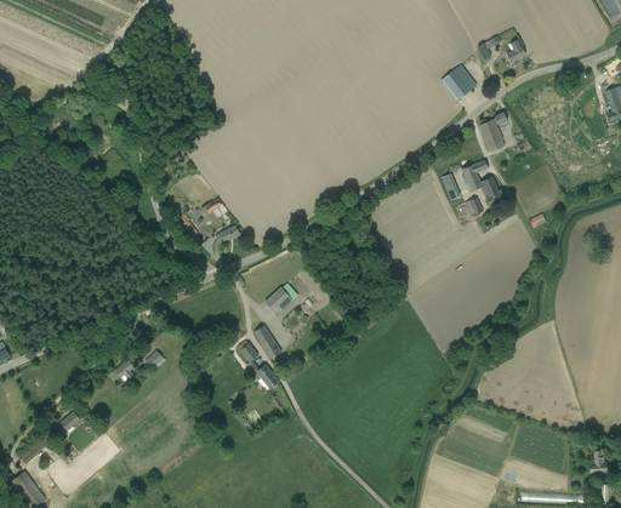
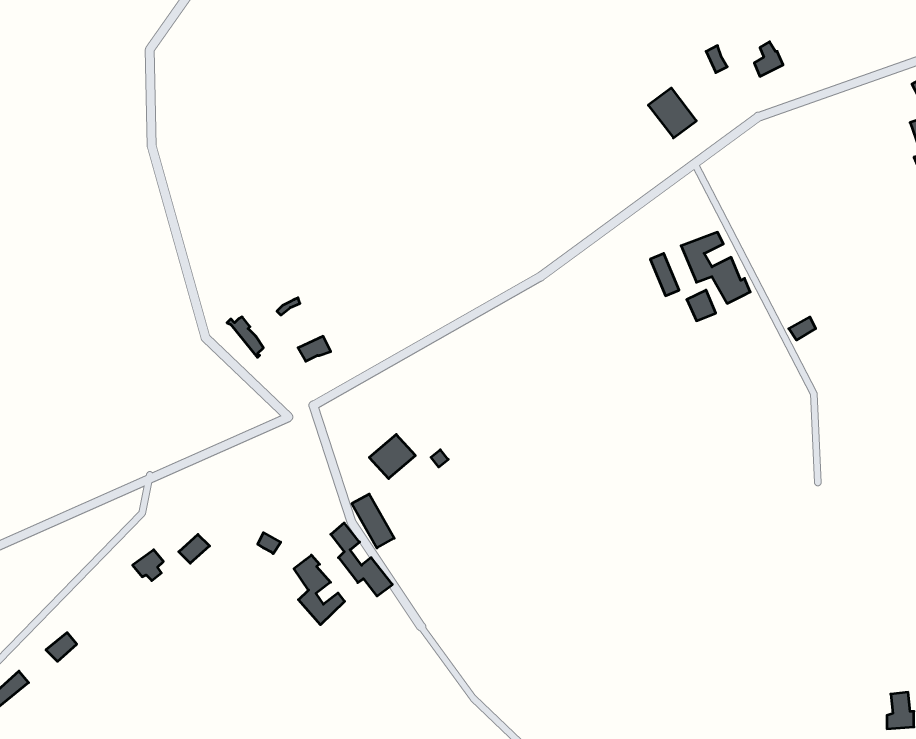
building: [479,113,507,152] -> none
building: none -> [294,555,345,625]

